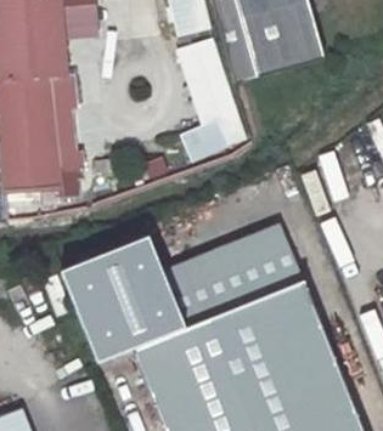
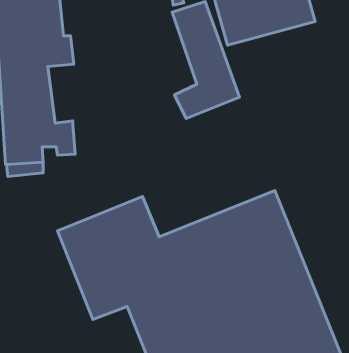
building: [50,102,84,164] -> none

